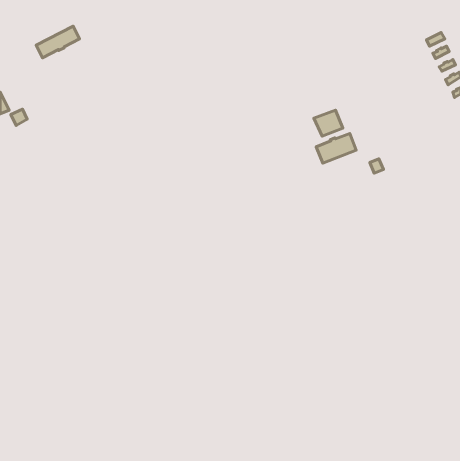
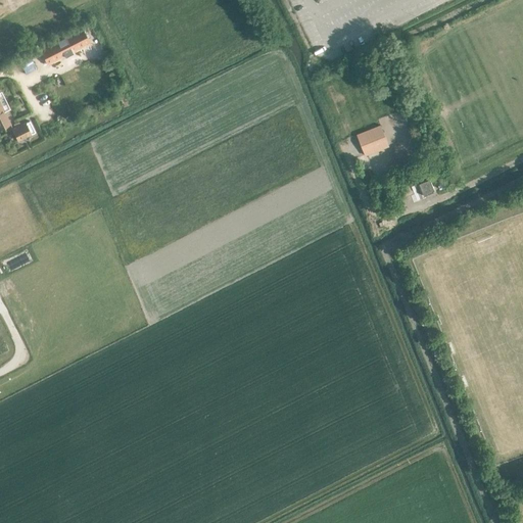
building: [316,134,356,163] -> none

